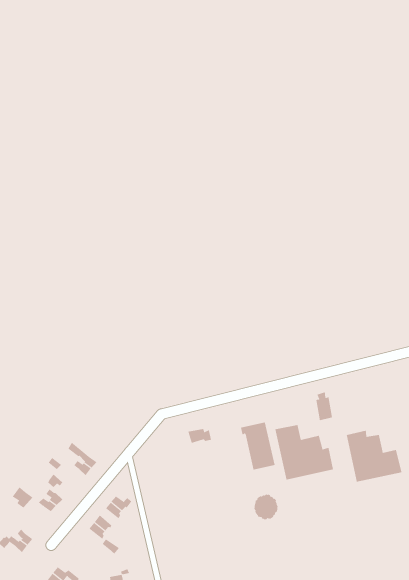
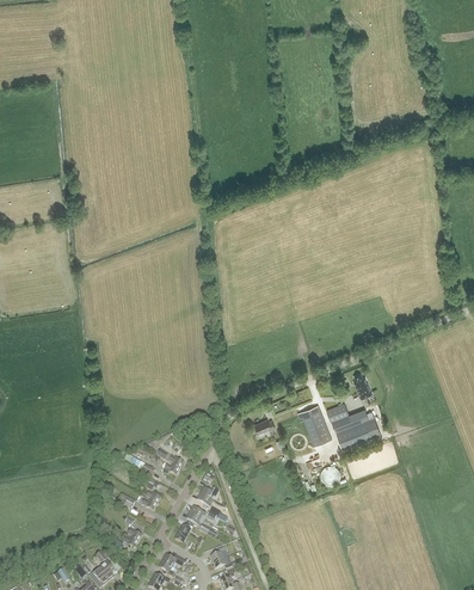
building: [346,430,402,482] -> none

